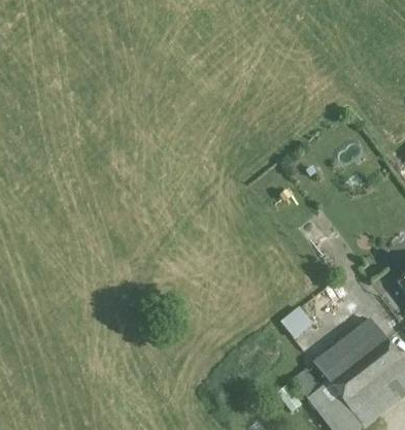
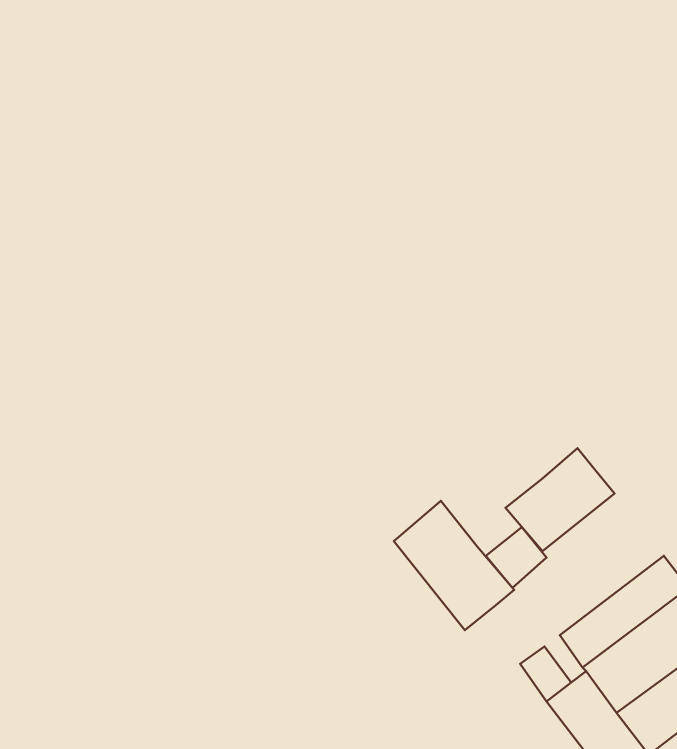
building: none -> [505,448,614,551]
building: none -> [394,501,514,630]

